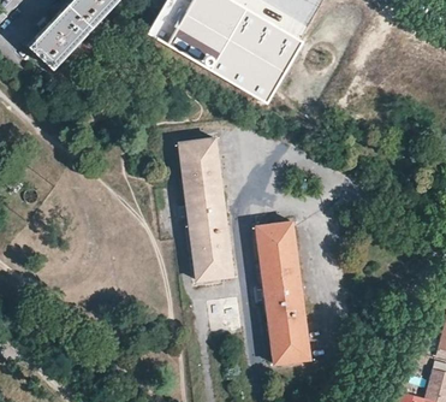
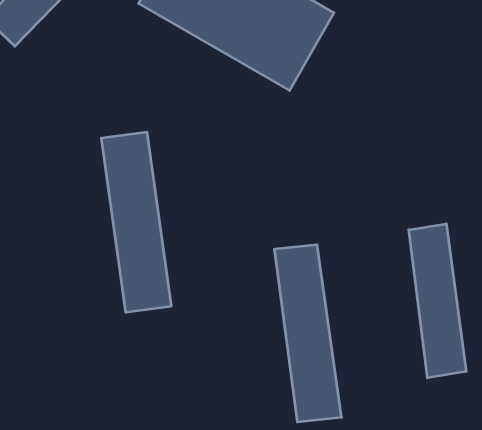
building: [177,137,232,279] -> [101,132,171,312]
building: none -> [409,224,466,378]

